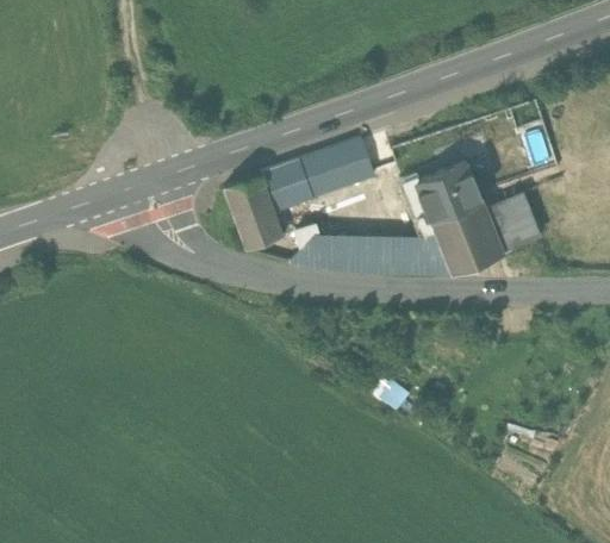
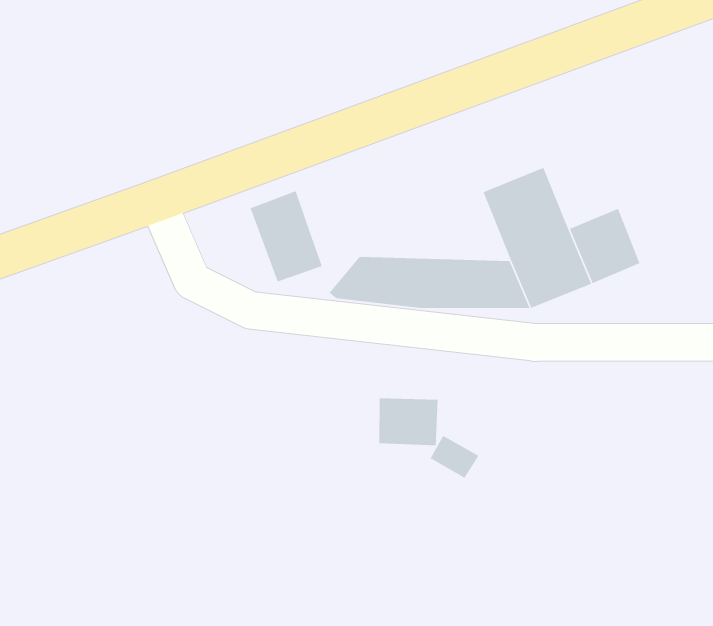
building: [262,142,376,216] -> none
building: none -> [378,398,438,446]

